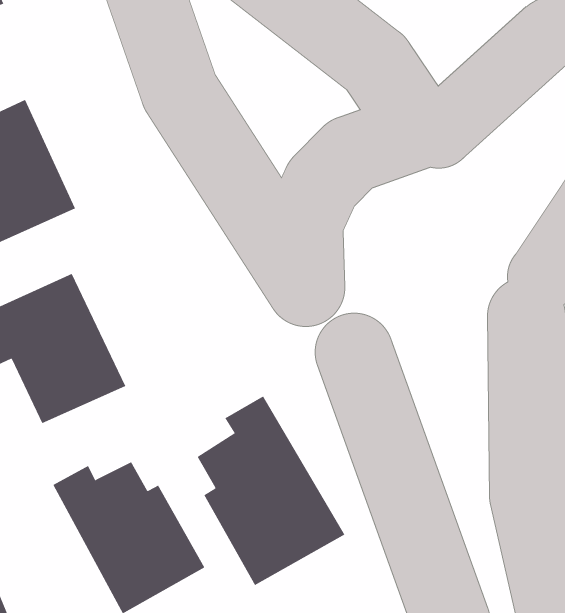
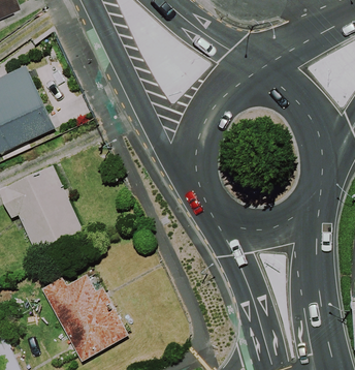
building: [197,395,345,586] -> none

